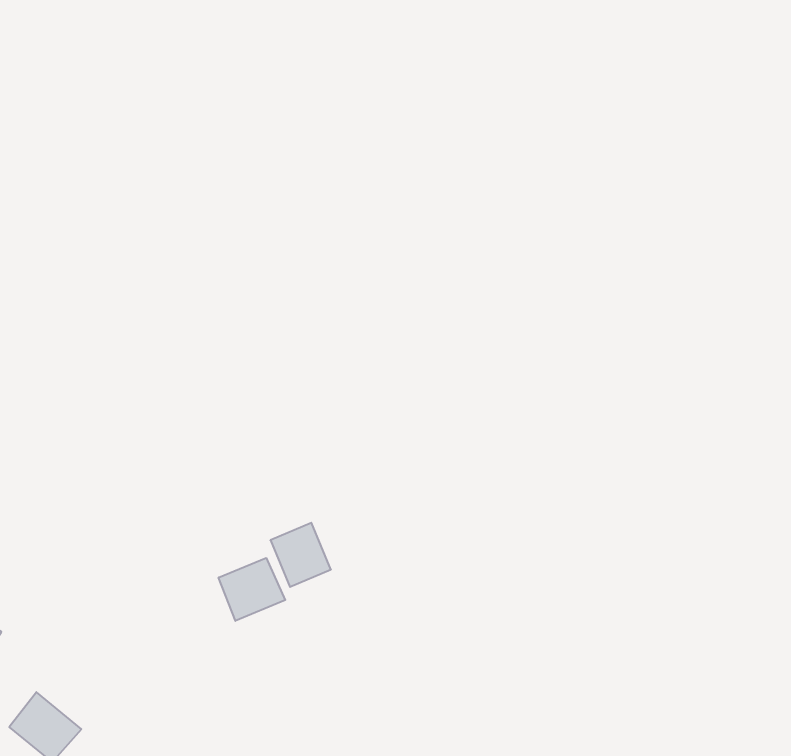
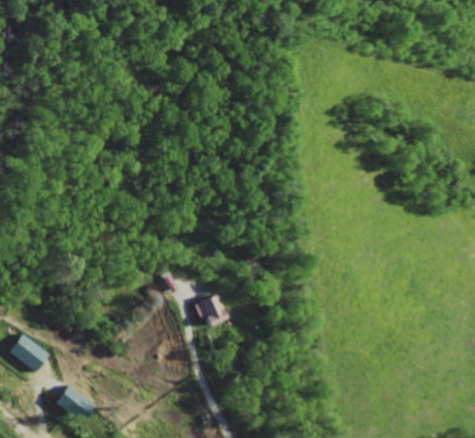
building: [219,558,285,621] -> none

